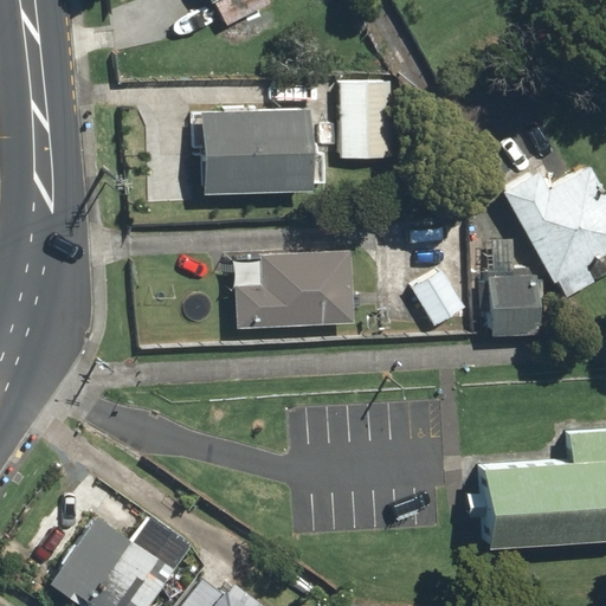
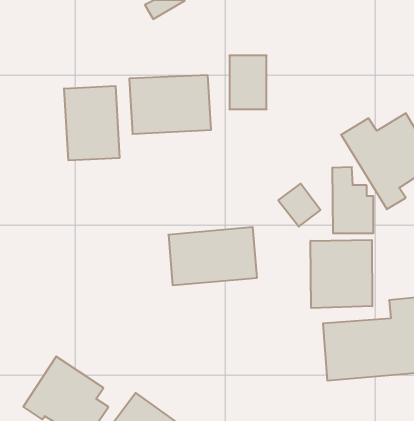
building: none -> [64,86,119,160]
building: [231,247,357,330] -> [168,227,257,285]
building: none -> [311,240,372,308]

